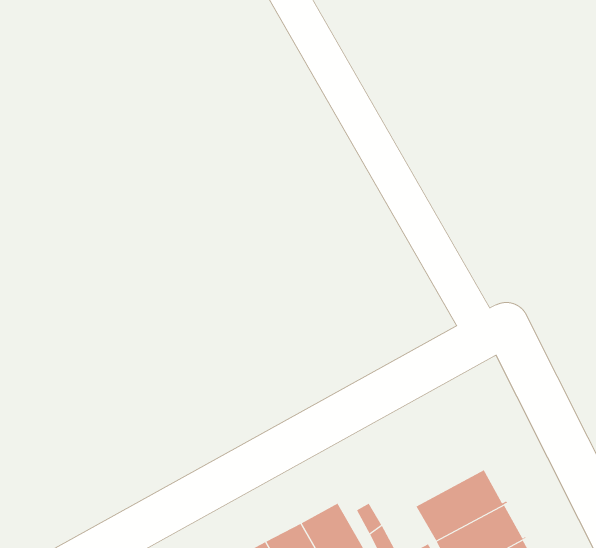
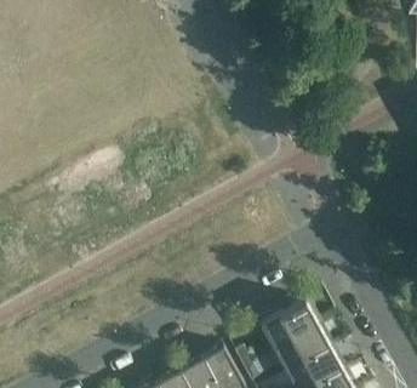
building: none -> [261,301,321,349]

